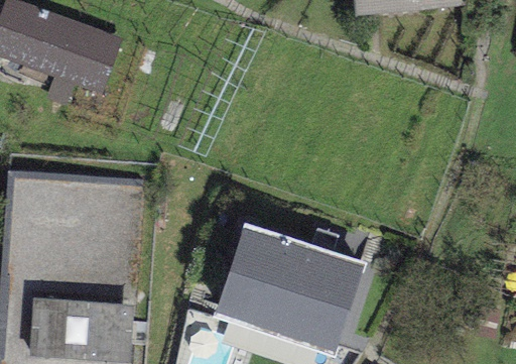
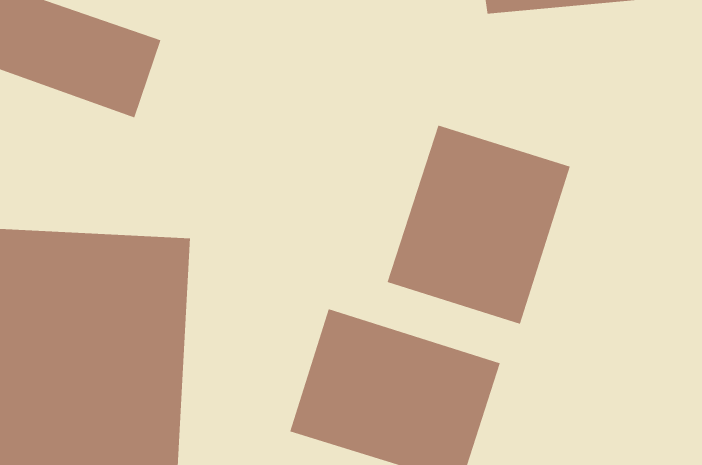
building: none -> [386,125,571,325]

